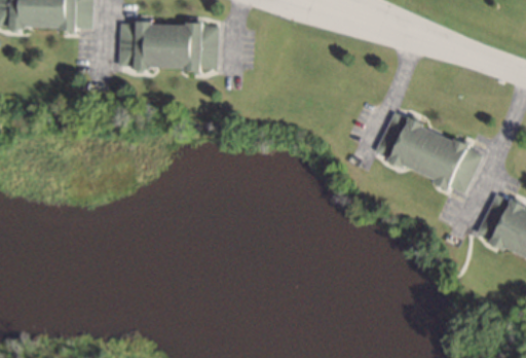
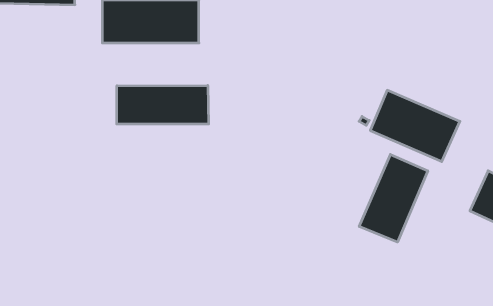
building: none -> [117,85,209,124]
building: none -> [359,154,428,242]

